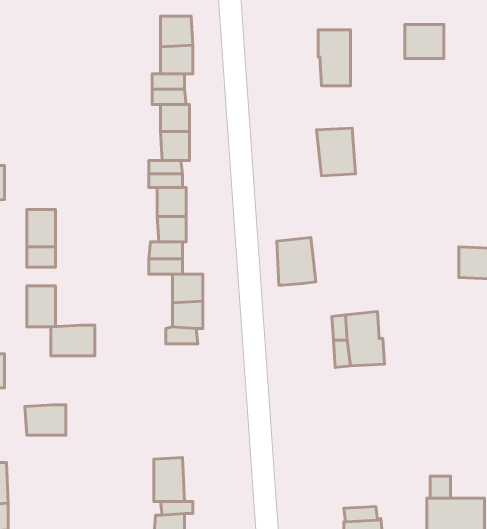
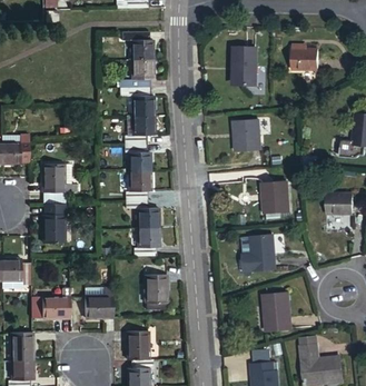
building: [277,238,316,285] -> [256,180,281,211]
building: [51,325,95,356] -> [85,295,113,315]
building: none -> [147,274,166,299]
building: none -> [264,290,290,328]

